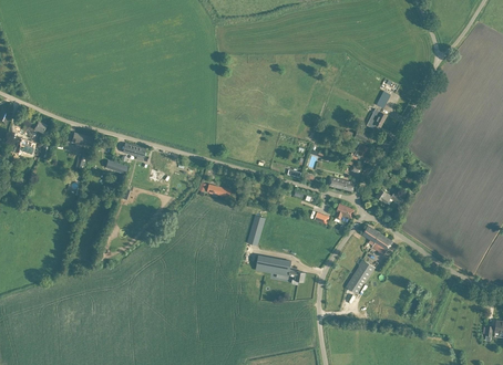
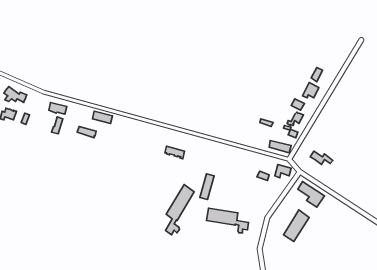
building: none -> [165,185,194,235]

